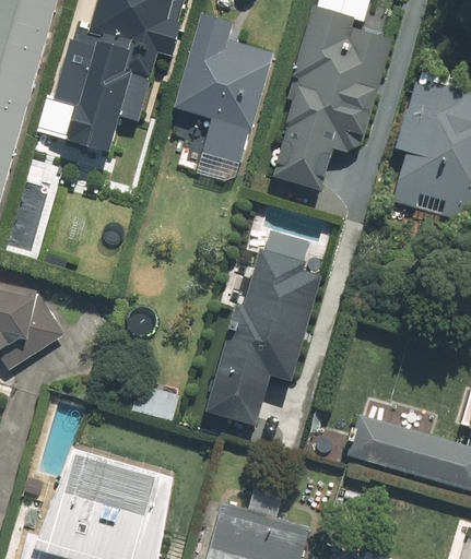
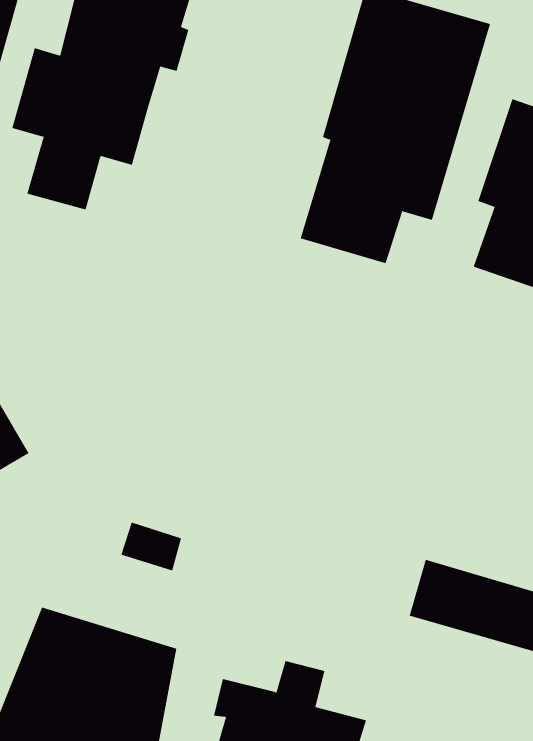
building: [174,11,273,178] -> none
building: [208,247,322,425] -> none

